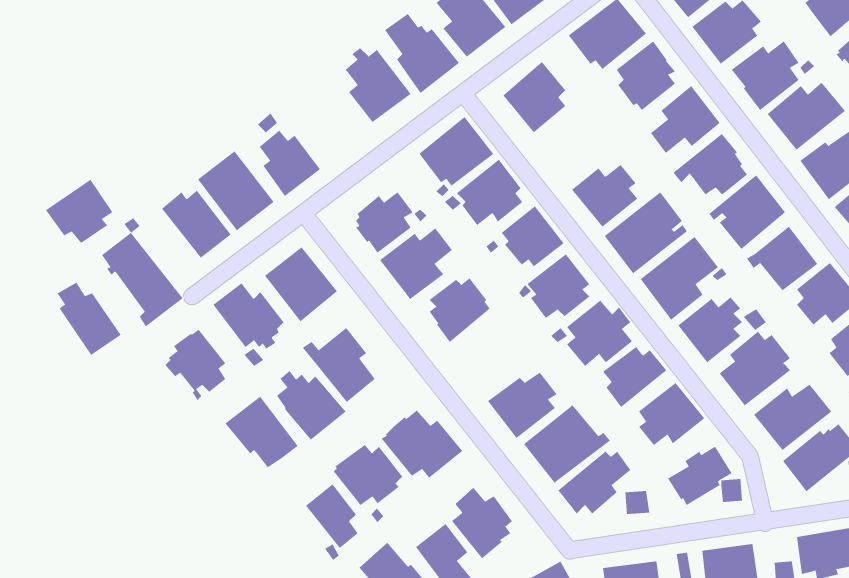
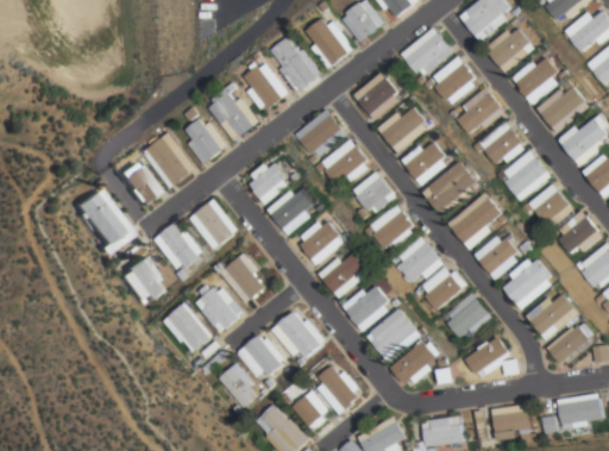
building: none -> [207,81,258,139]
building: none -> [377,105,427,152]
building: [45,179,113,244] -> none
building: [57,282,122,356] -> none
building: none -> [318,250,369,297]

